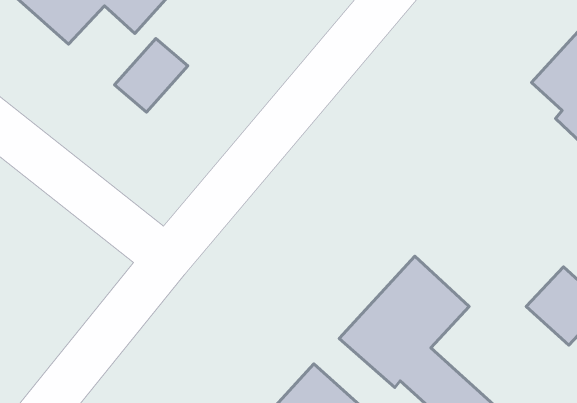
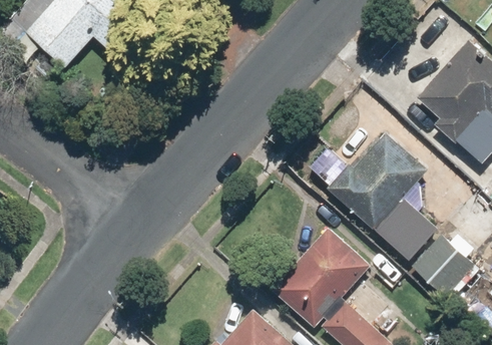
building: [115,39,188,112] -> none
building: none -> [328,131,437,260]

